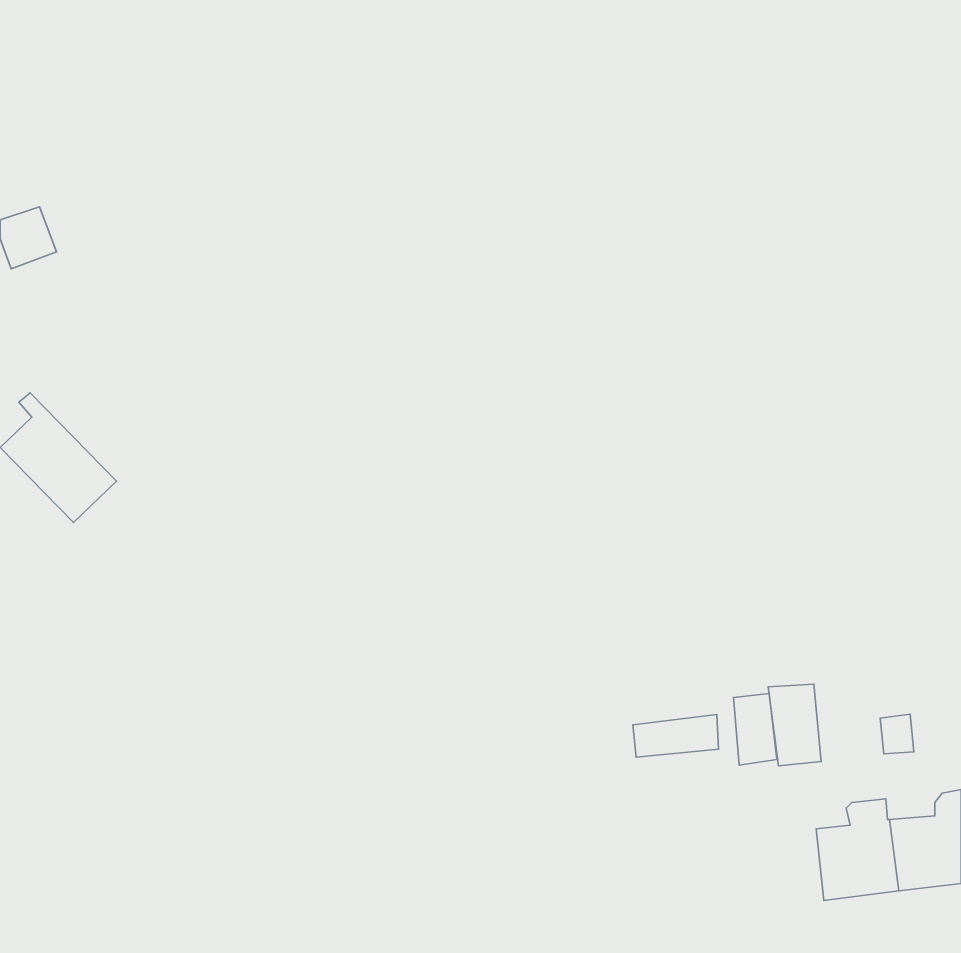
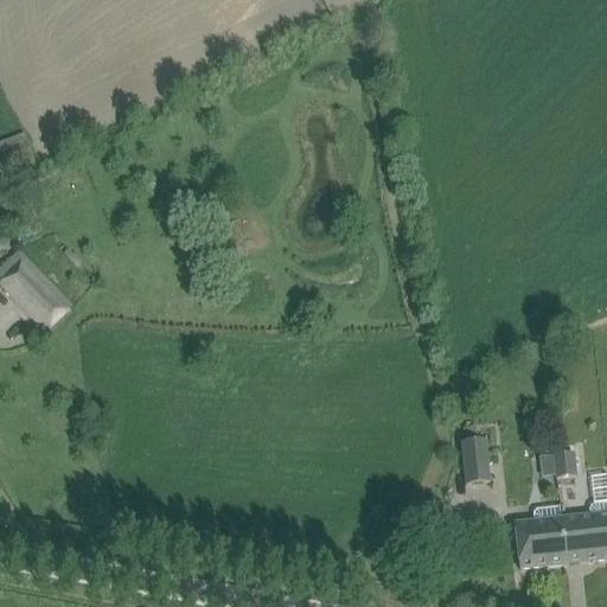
building: [768,684,821,766] -> none
building: [633,715,718,757] -> none

